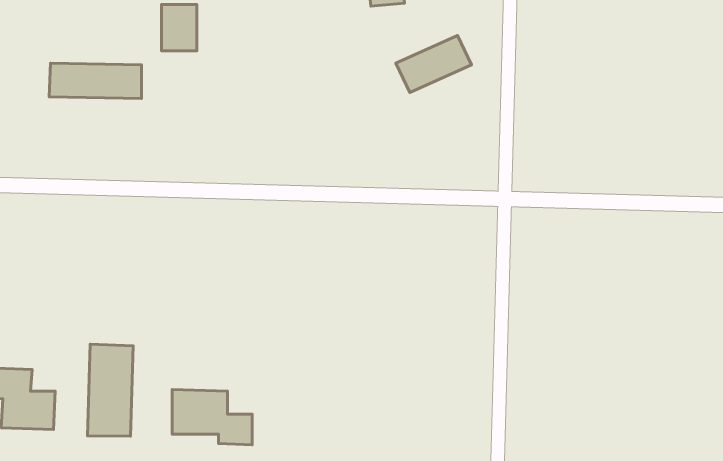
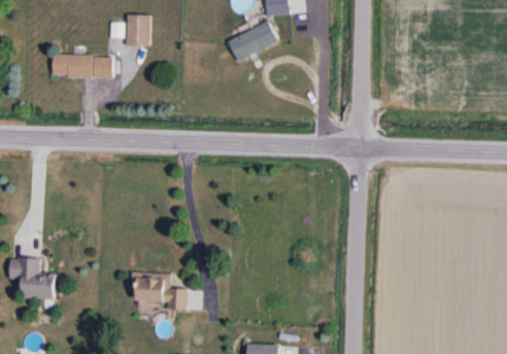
building: [396,36,471,92] -> [227,23,277,61]
building: [87,344,133,436] -> none

